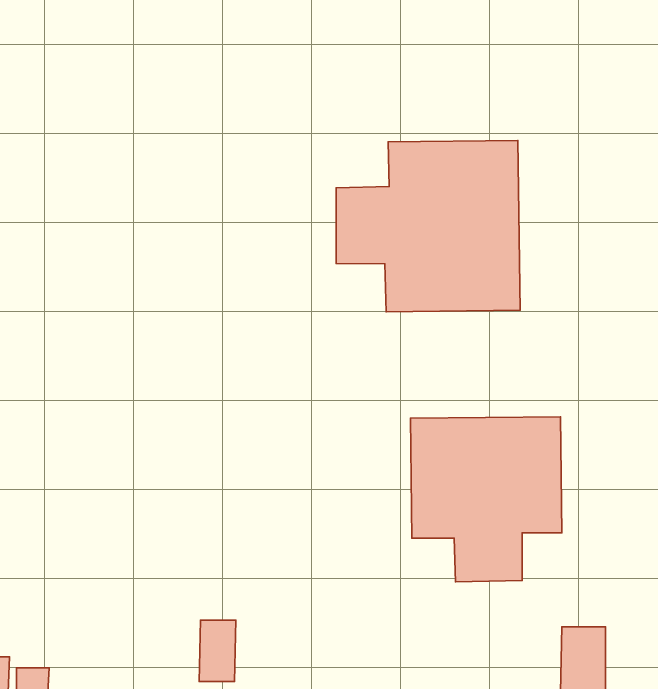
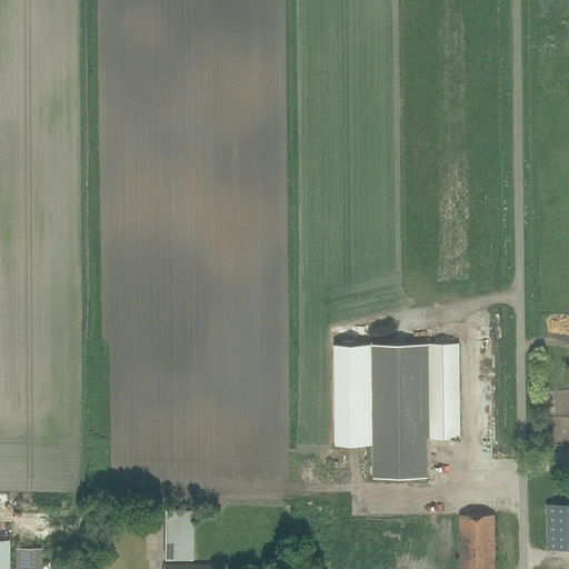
building: [336,140,520,312] -> none

